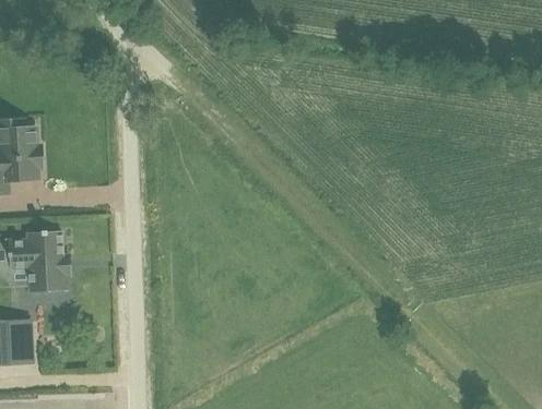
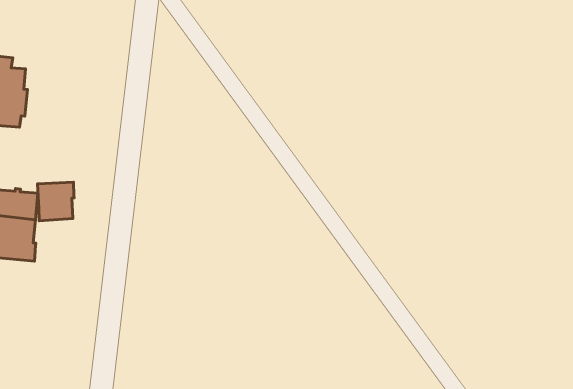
building: none -> [37,182,74,221]

